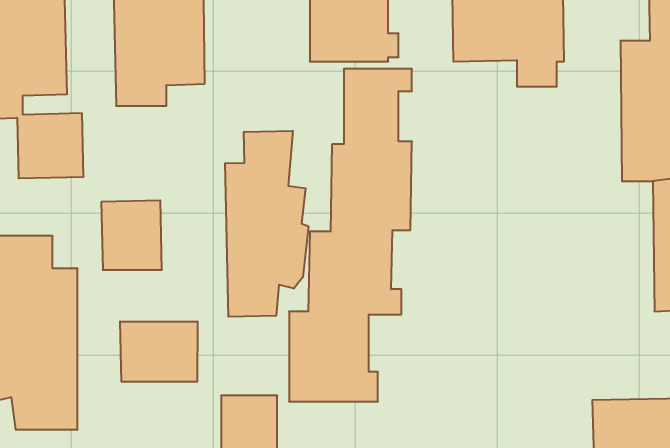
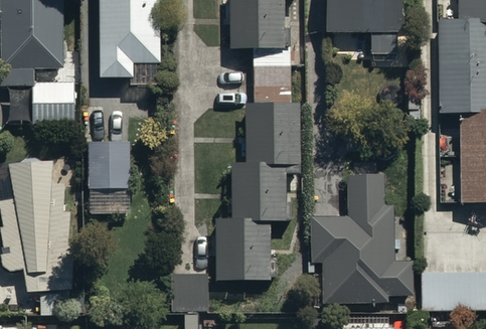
building: [225,131,308,317] -> none
building: none -> [311,172,414,301]
building: [120,321,197,382] -> none

